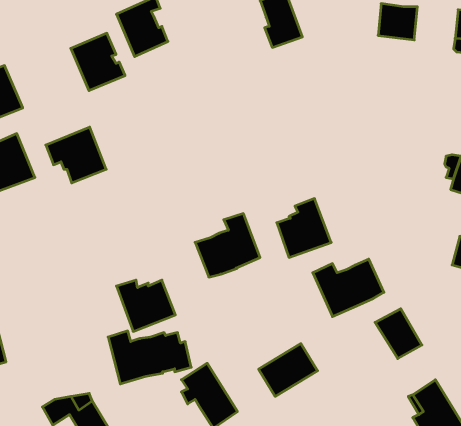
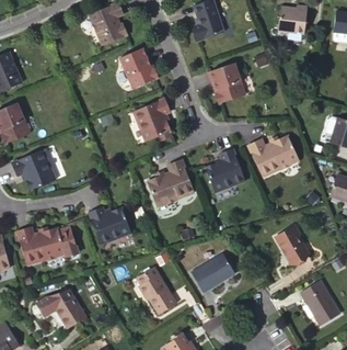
building: [71,33,125,91] -> [118,46,158,88]
building: none -> [207,61,244,102]
building: [46,127,106,183] -> [11,148,55,189]
building: none -> [132,98,170,140]
building: [313,259,384,317] -> [246,135,298,177]
building: [108,331,191,384] -> [16,226,77,264]

